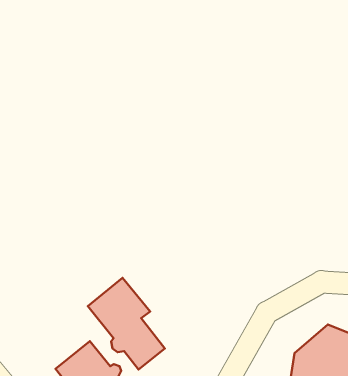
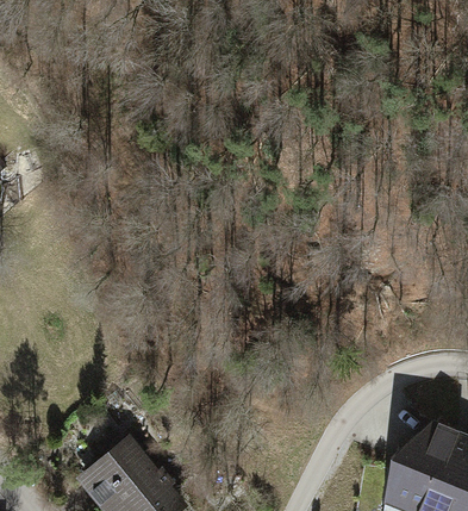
building: [88,278,165,370] -> none

